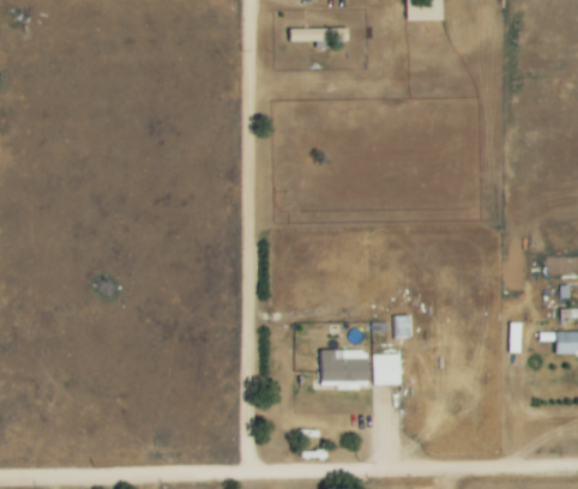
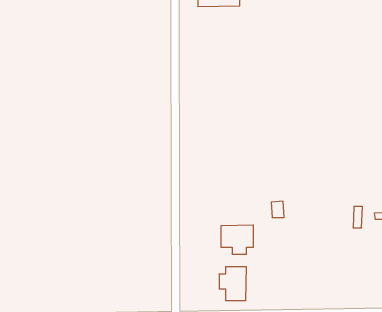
building: [372,354,401,385] -> none
building: none -> [219,267,246,301]

